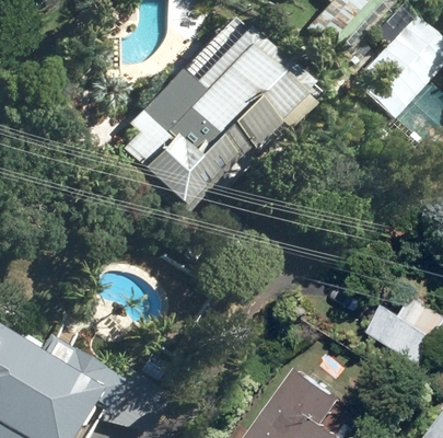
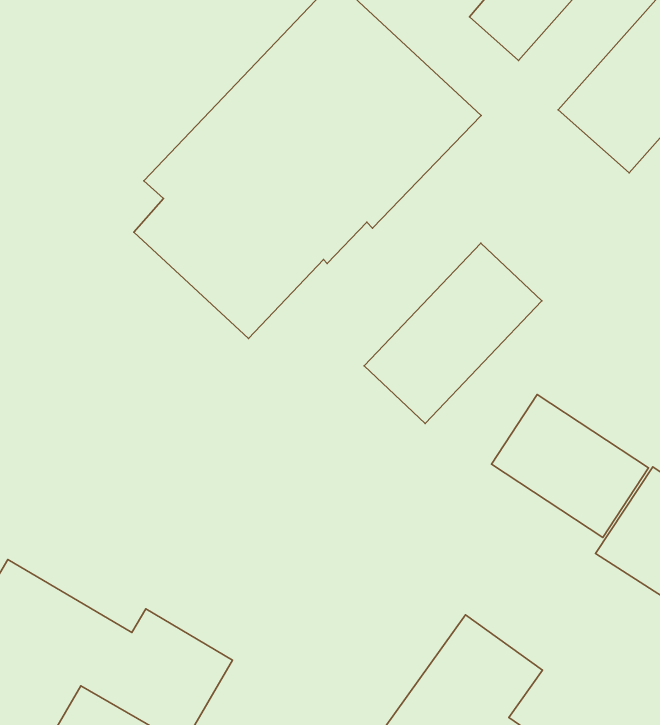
building: none -> [364,243,542,424]
building: none -> [492,395,648,537]

